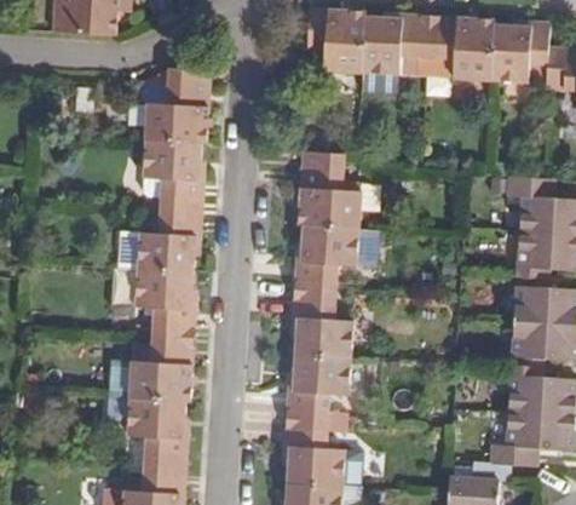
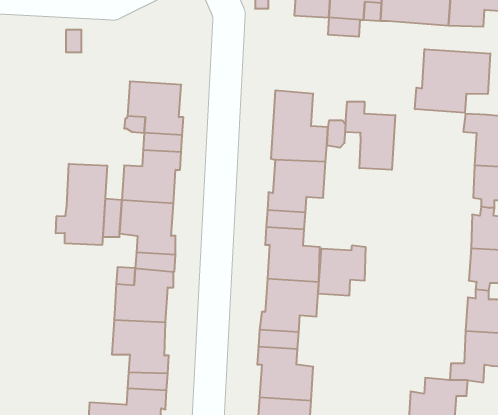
building: [145,68,211,145] -> none
building: none -> [415,49,490,113]
building: none -> [345,102,395,170]
building: none -> [56,164,107,245]
building: none -> [318,245,366,296]

